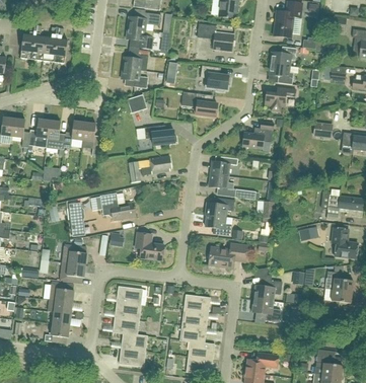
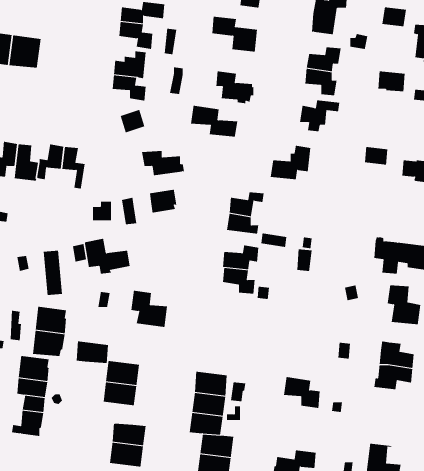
building: [208,243,246,269] -> none
building: [253,280,281,301] -> none
building: [113,317,138,334] -> [76,341,109,364]

